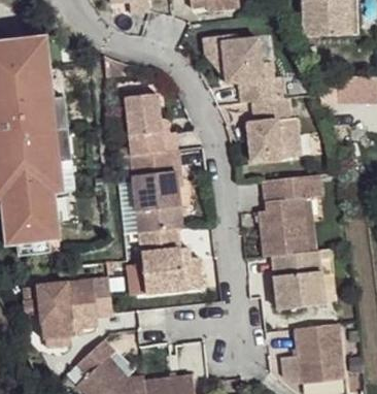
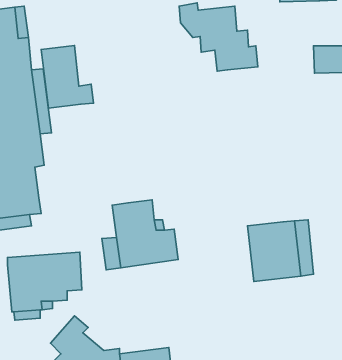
building: [123,93,174,155] -> [41,45,93,108]
building: [246,97,299,160] -> none
building: [132,172,181,231] -> none
building: [256,174,318,255] -> none
building: [281,321,342,382] -> none

